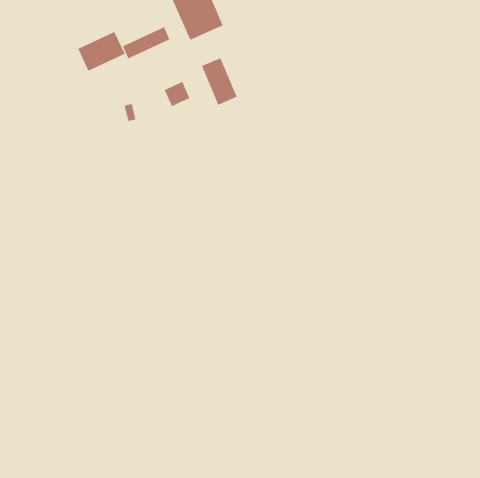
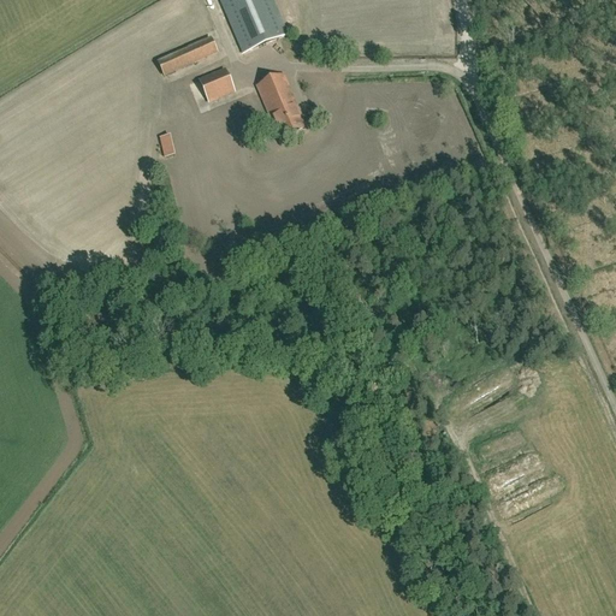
building: [77,31,125,72] -> none
building: [164,81,190,107] -> [200,67,233,100]

